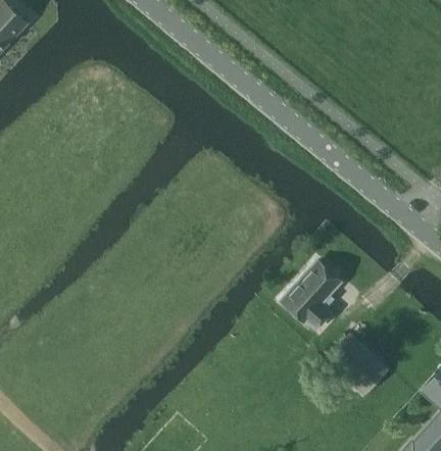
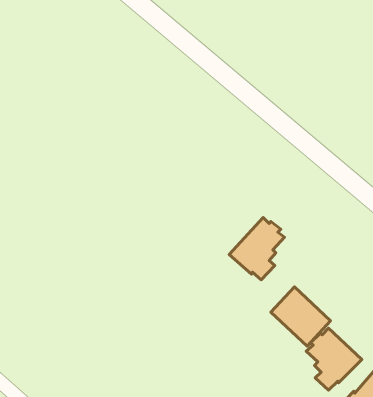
building: none -> [306,328,362,390]

